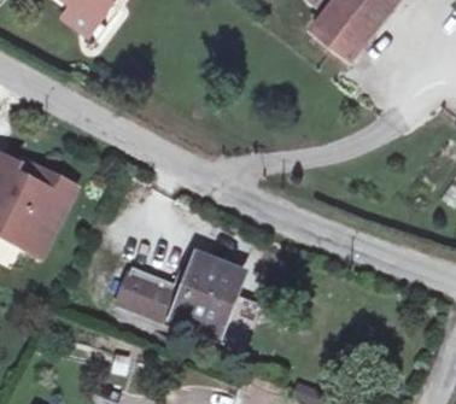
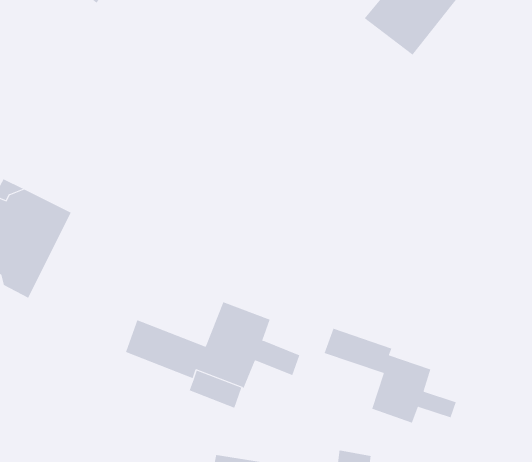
building: none -> [324,328,457,423]

